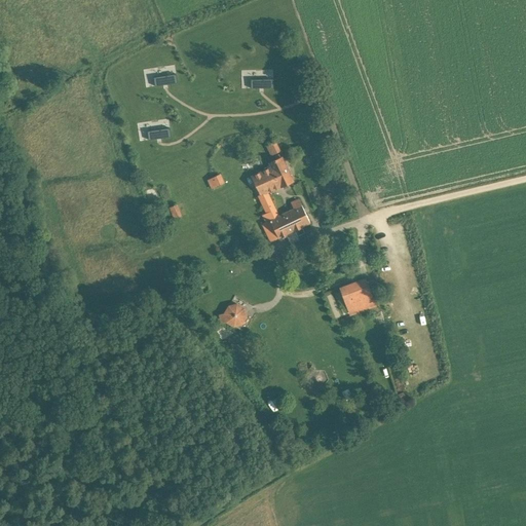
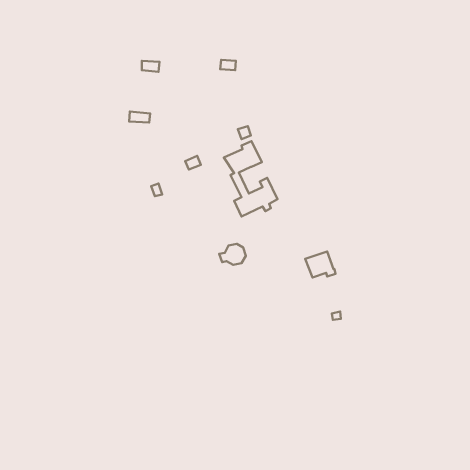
building: [217,304,247,328] -> [219,244,246,265]

